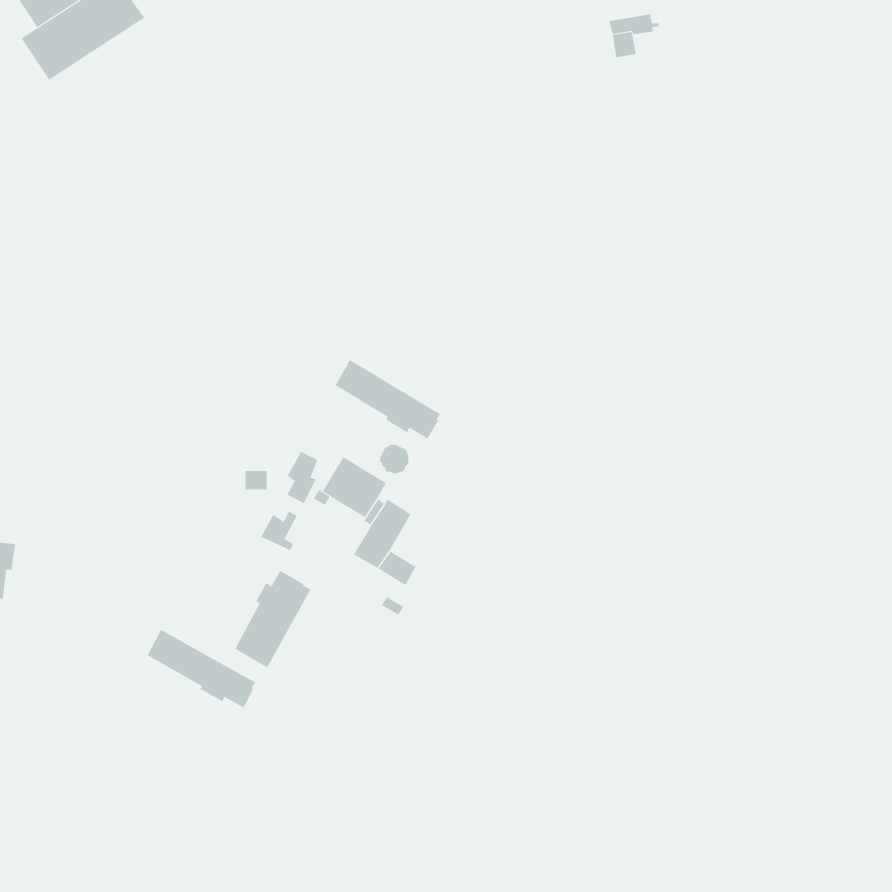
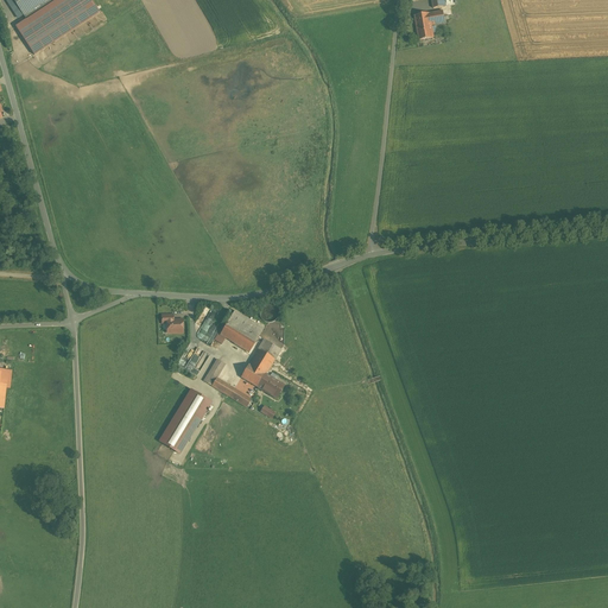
building: [335,359,441,440] -> none
building: none -> [202,359,251,406]
building: [147,629,256,708] -> none

